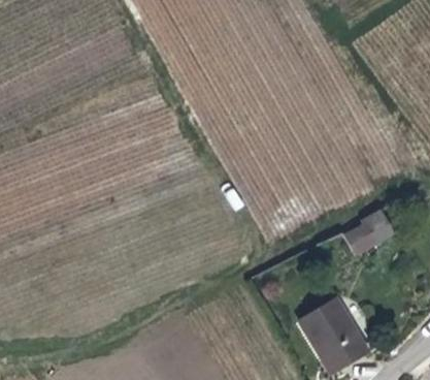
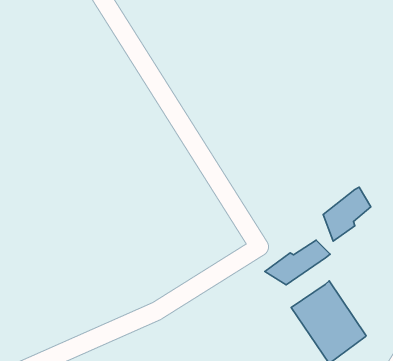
building: none -> [265,240,330,285]

